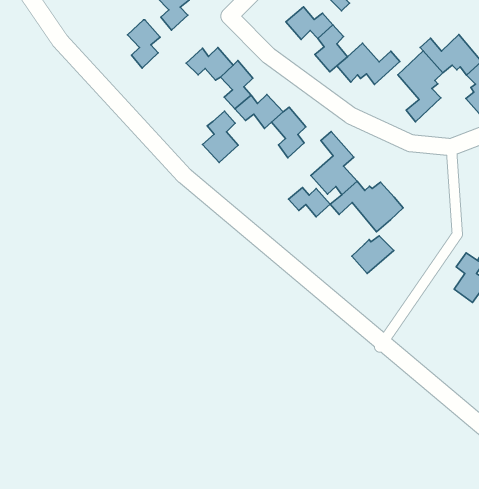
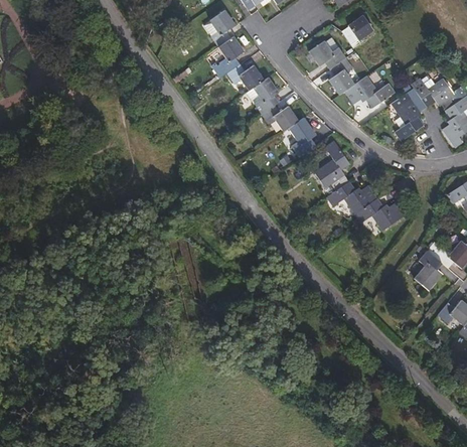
building: [127,20,160,68] -> [220,36,246,73]
building: [203,111,238,162] -> none
building: [289,188,330,217] -> none
building: [352,236,394,274] -> [371,202,405,231]

